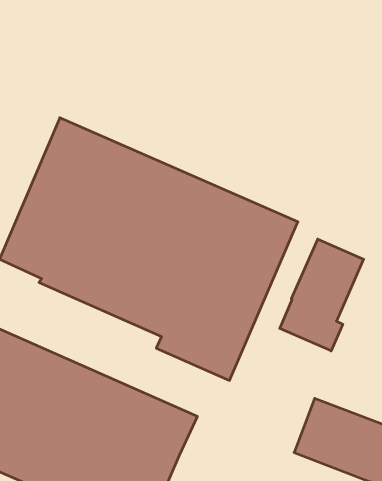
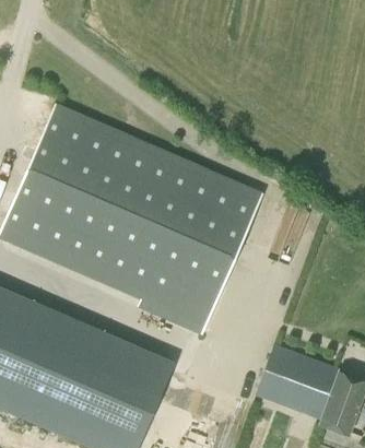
building: [280,239,364,351] -> none

